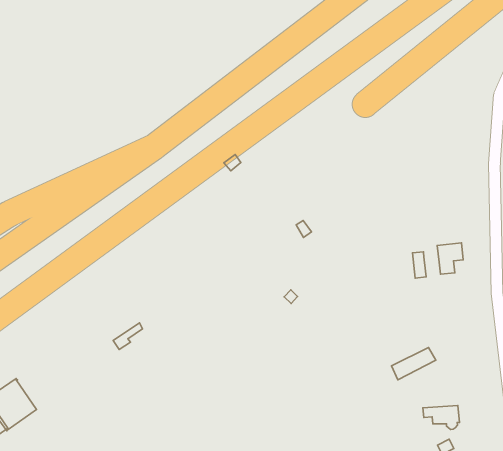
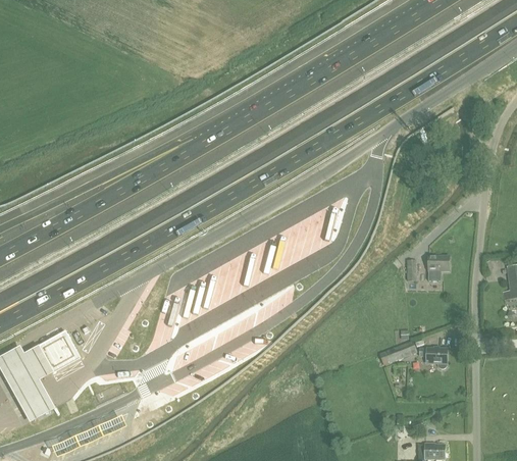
building: [423,406,460,429] -> [419,348,449,368]

